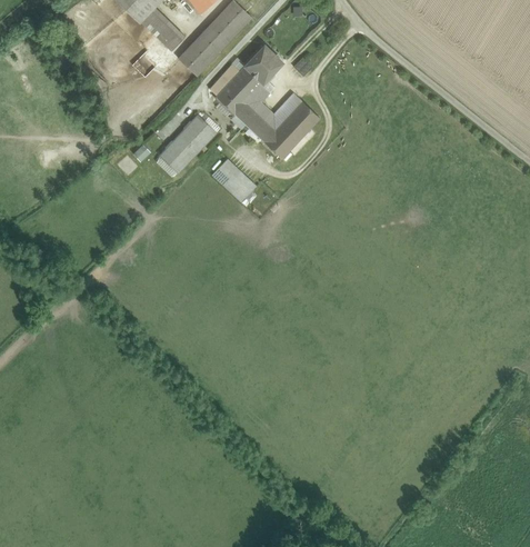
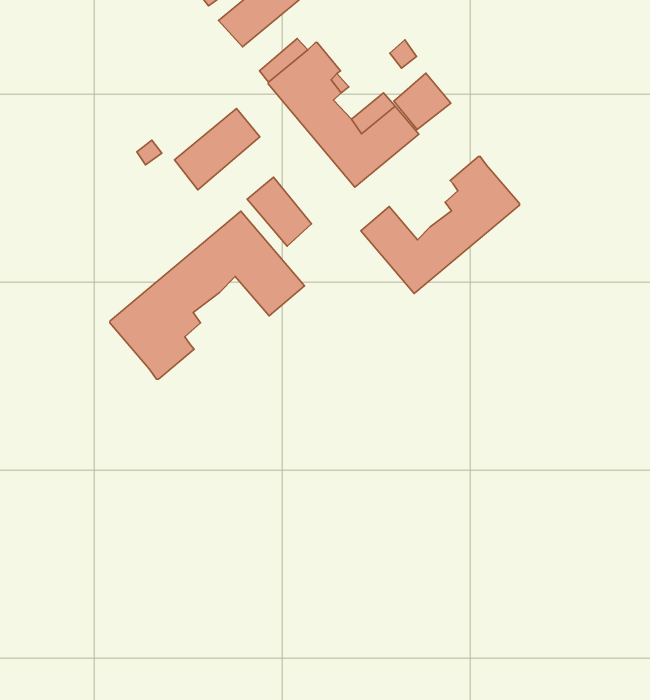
building: [244,44,282,82] -> [394,73,451,129]
building: none -> [361,156,520,293]
building: none -> [110,211,305,379]

